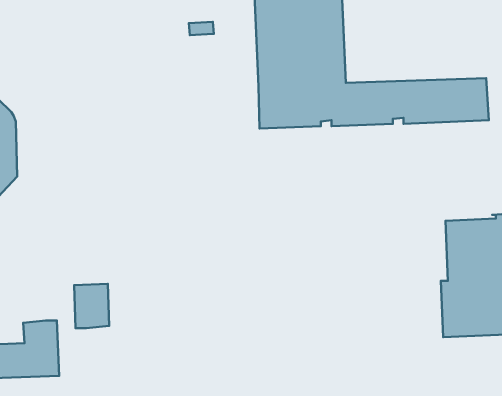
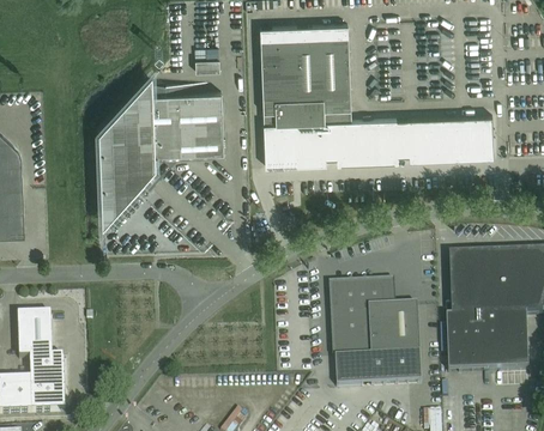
building: none -> [101,77,223,217]
building: none -> [331,280,421,386]
building: [74,284,109,328] -> [17,312,52,357]

